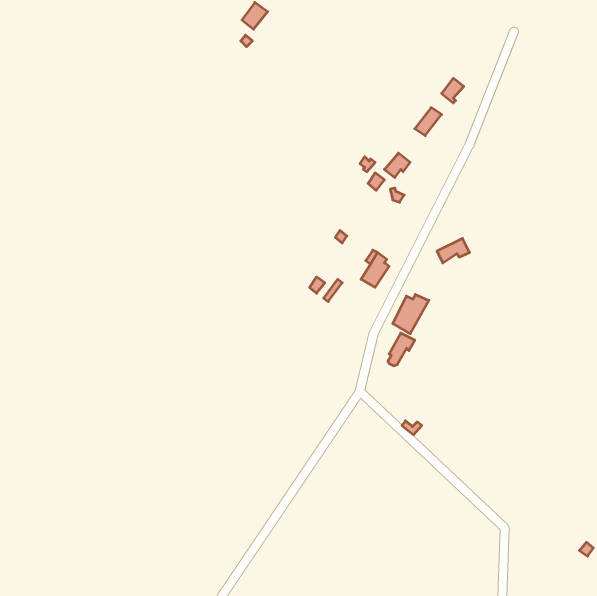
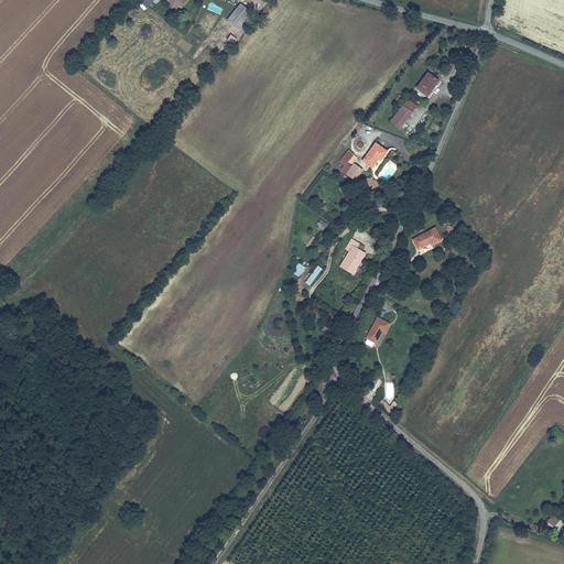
building: [393,294,429,334] -> none

